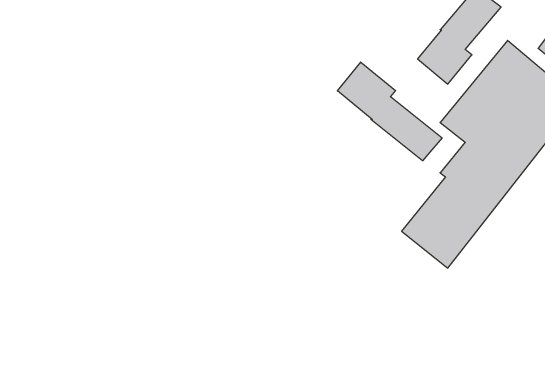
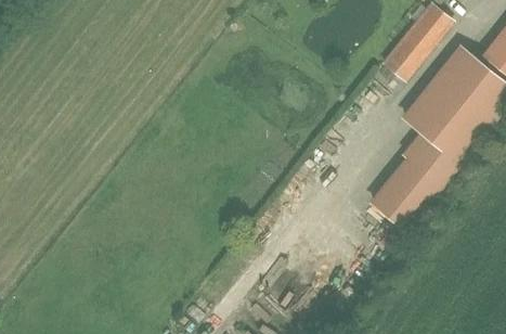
building: [337,62,442,161] -> none

